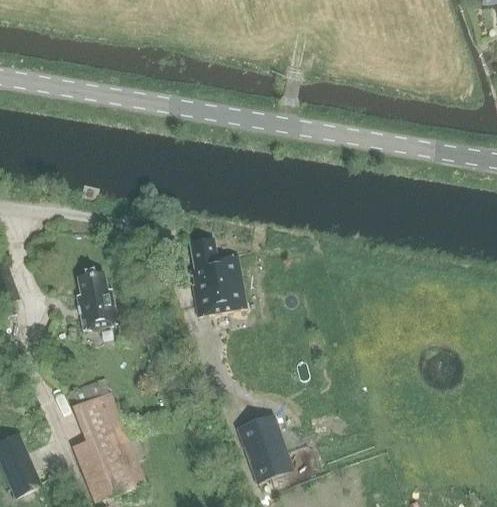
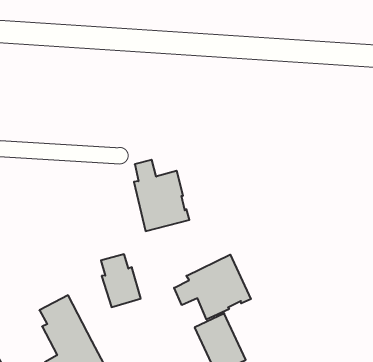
building: [77,272,117,328] -> [101,254,141,307]
building: none -> [174,255,251,320]

